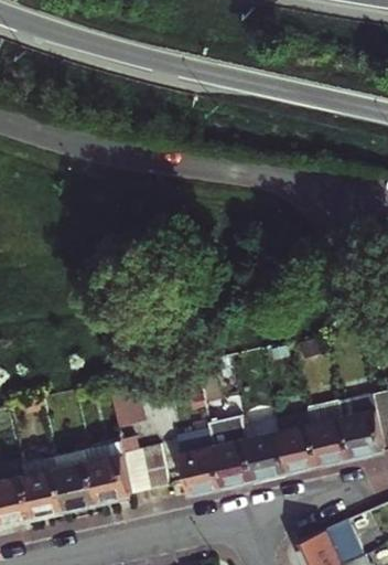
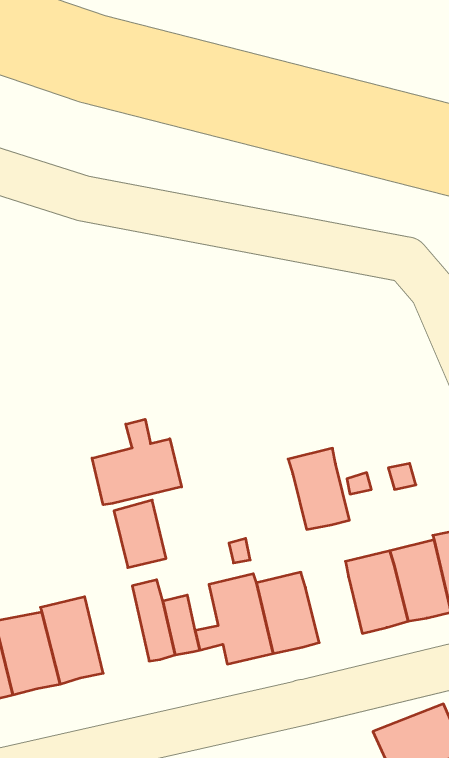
building: none -> [92,419,182,505]
building: [244,419,288,478] -> [288,448,349,529]
building: [88,437,134,500] -> none

